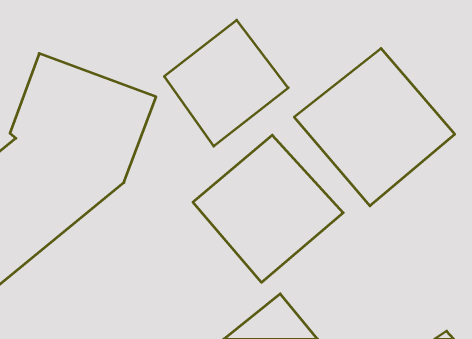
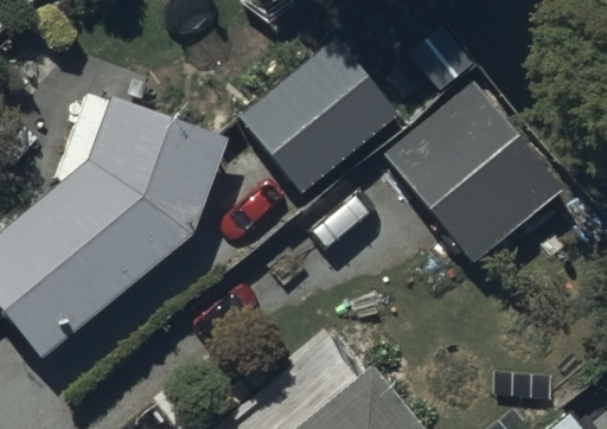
building: [193,135,343,282] -> none

